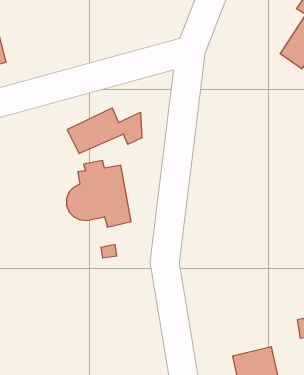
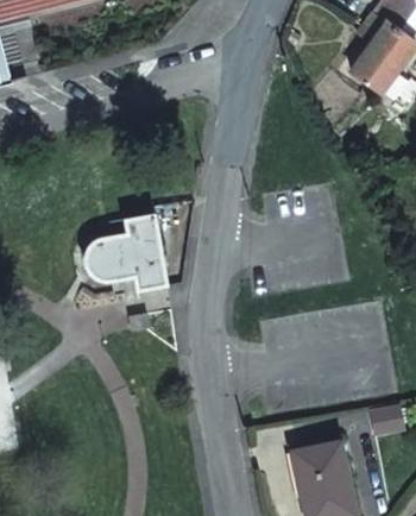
building: [67,108,142,154] -> none

